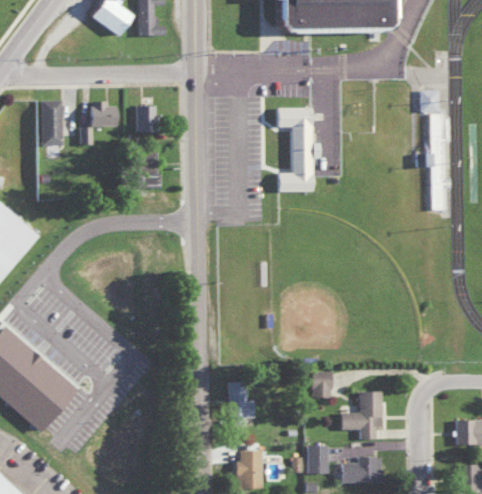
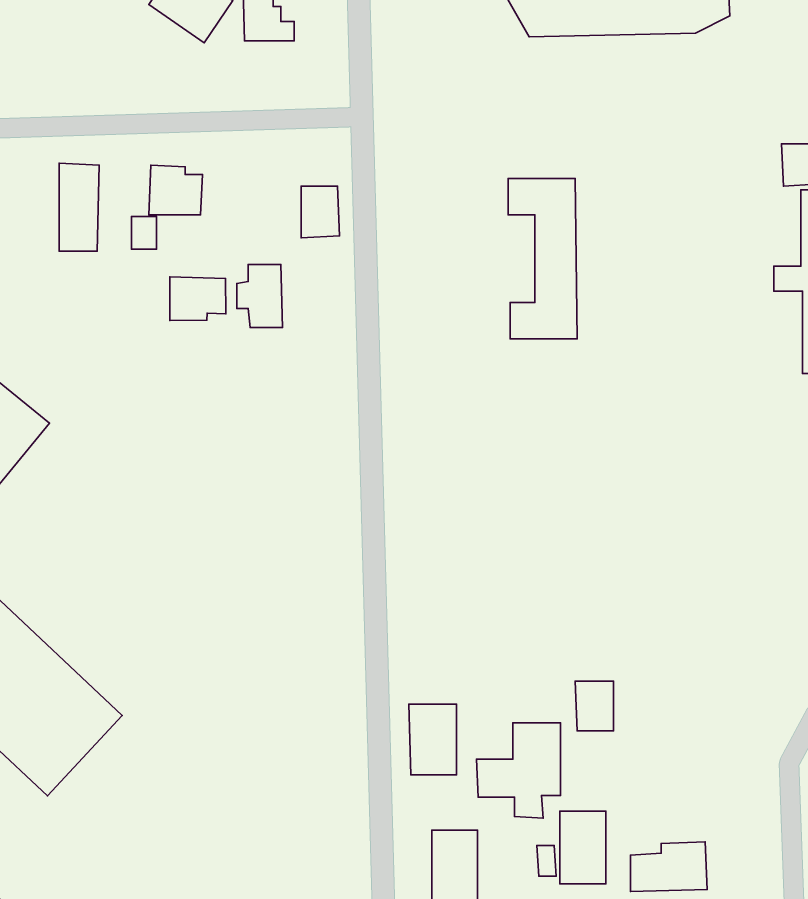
building: [136,106,156,133] -> [301,186,339,238]
building: none -> [170,277,226,321]
building: [340,388,384,438] -> [476,723,560,818]

